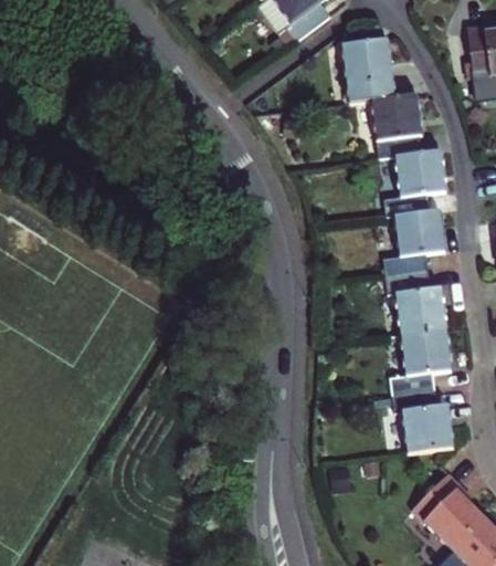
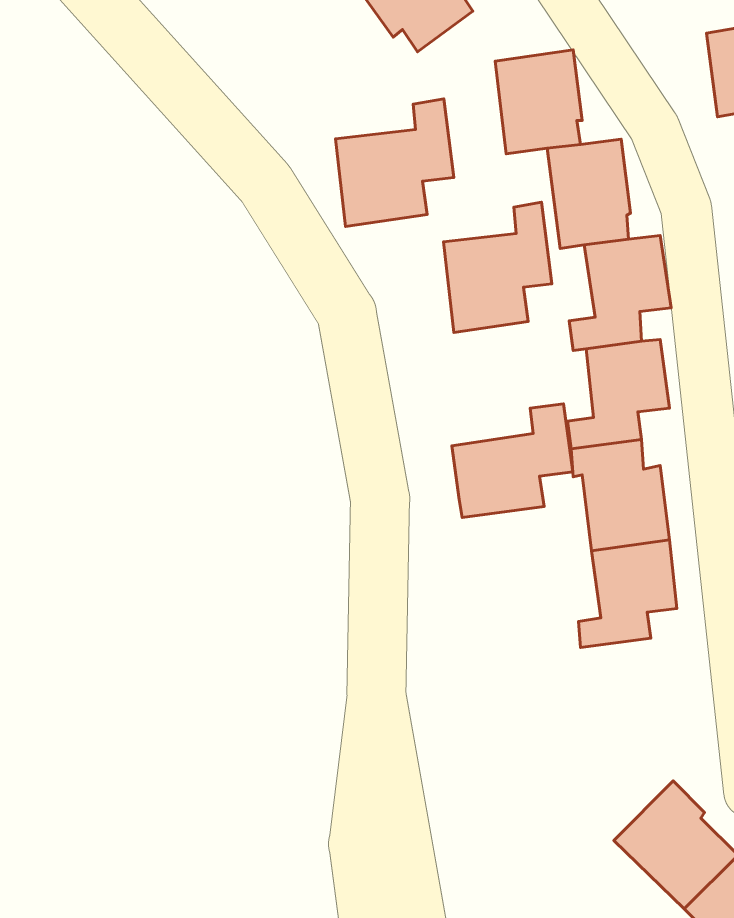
building: none -> [336,99,454,226]
building: none -> [444,202,552,333]
building: none -> [452,404,573,517]
building: [392,388,453,452] -> none

